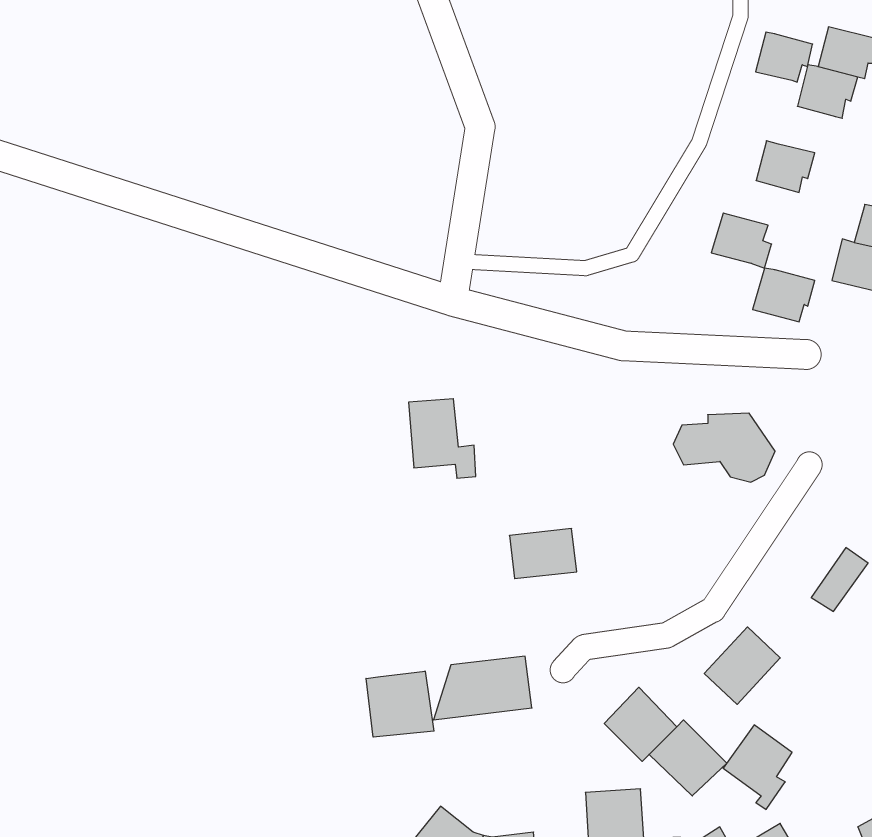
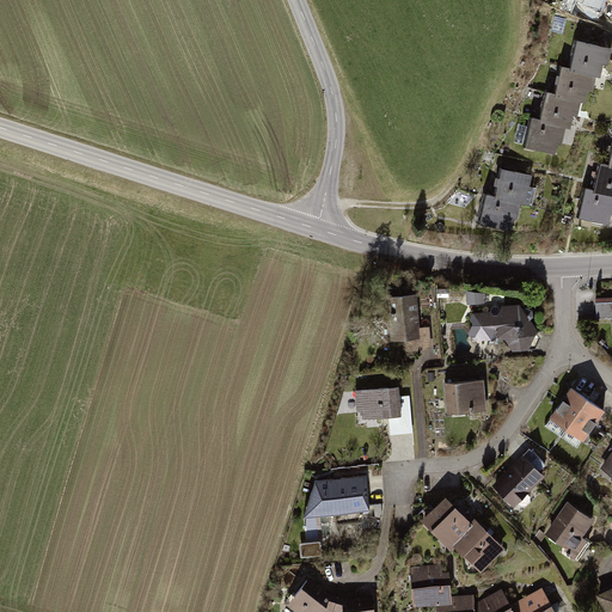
building: [756,32,813,82] -> [541,92,581,127]
building: [753,268,815,322] -> [479,194,522,231]
building: [409,399,476,478] -> [386,293,433,348]
building: none -> [443,381,485,415]
building: none -> [549,387,588,434]
building: [366,671,434,737] -> none
building: [723,725,792,809] -> [544,496,592,555]

